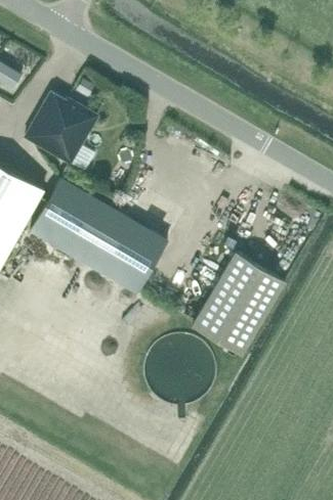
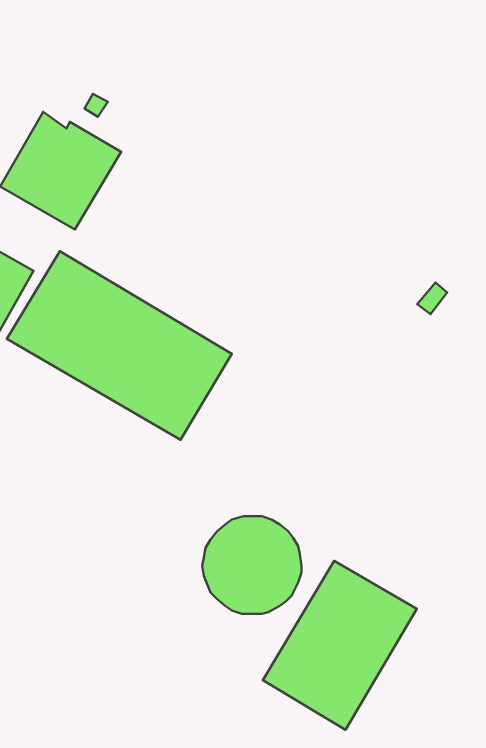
building: [191,252,286,356] -> [263,561,417,730]

